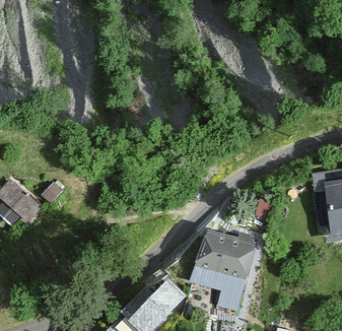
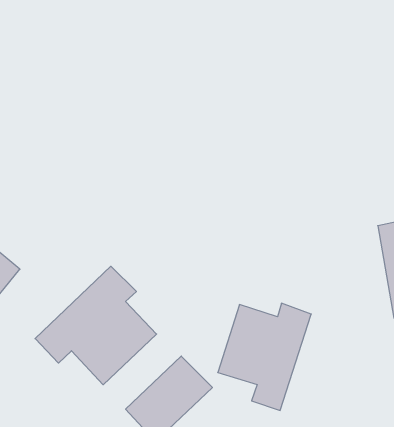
building: none -> [35,266,157,385]

